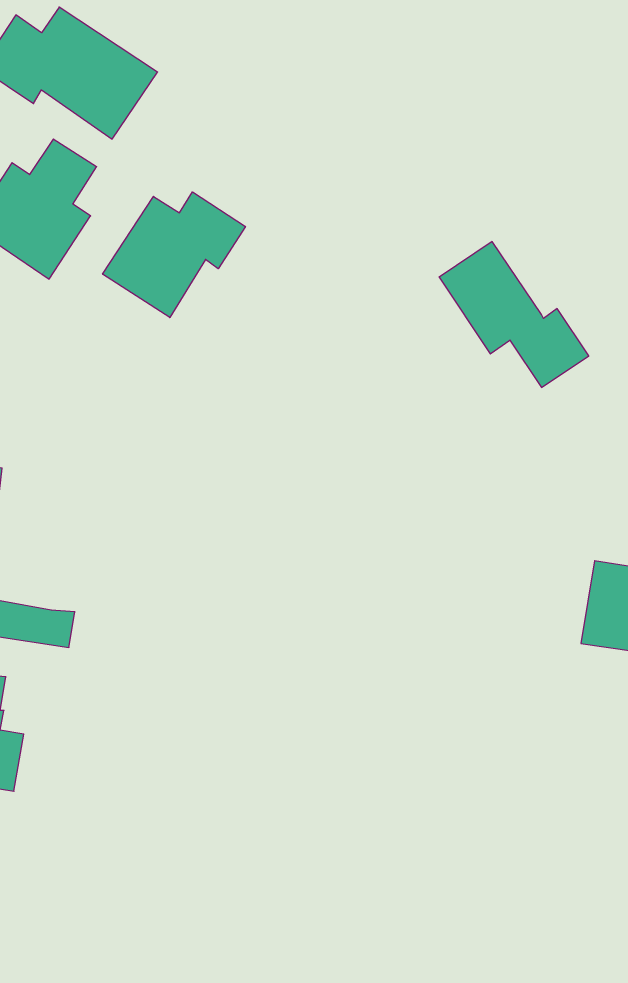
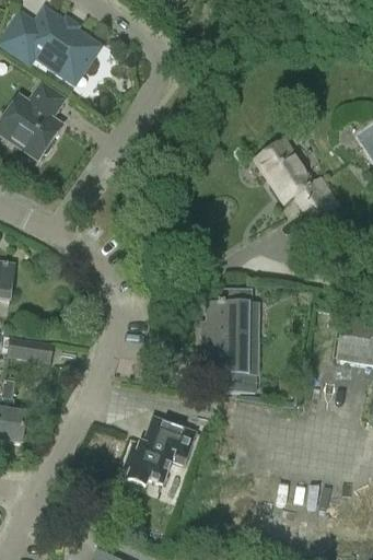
building: [103,192,245,318] -> none
building: none -> [202,289,256,392]
building: none -> [124,417,178,488]

